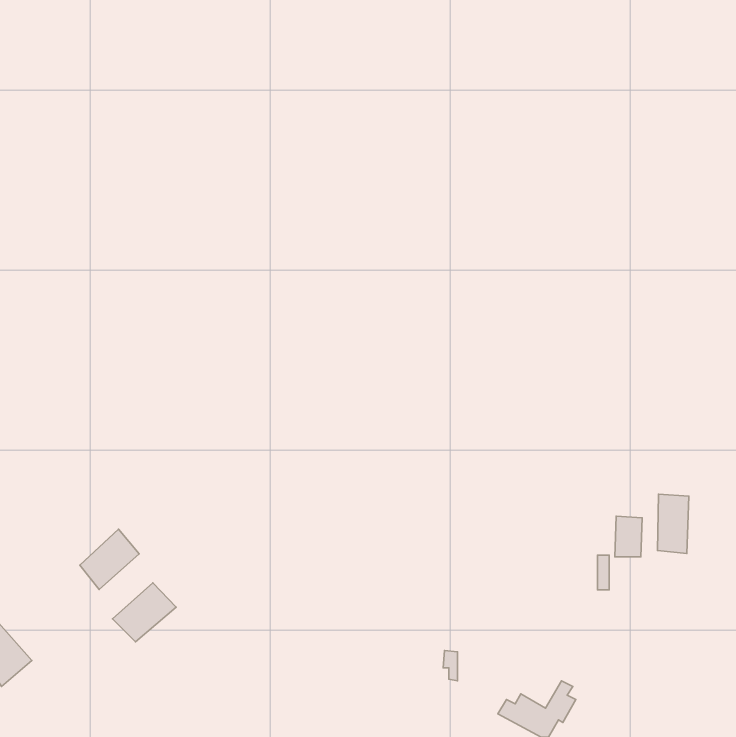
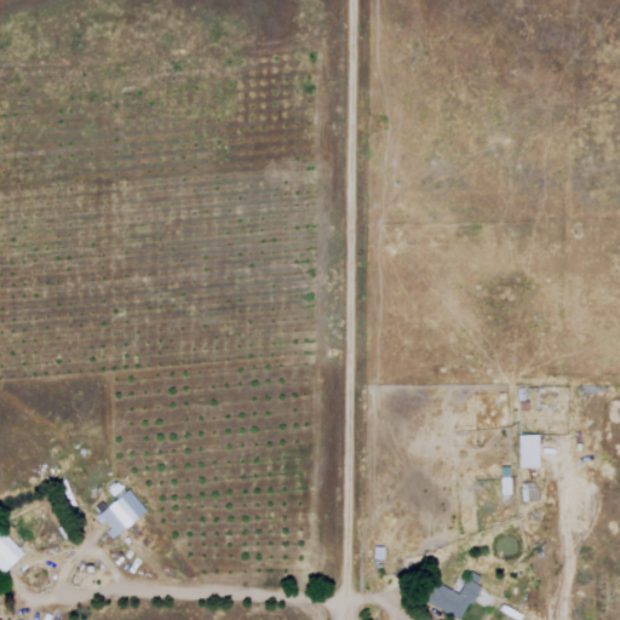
building: [658,494,689,554] -> none
building: [80,529,139,590] -> none

